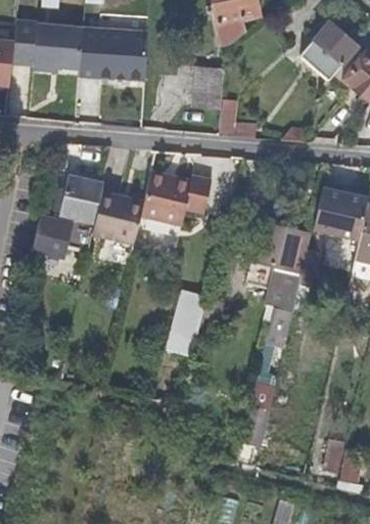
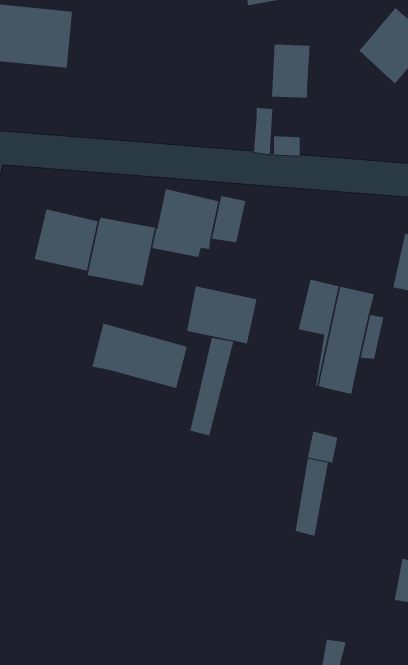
building: [82,28,149,77] -> none
building: [193,67,223,107] -> [271,44,310,98]
building: [34,217,74,260] -> none
building: none -> [187,286,257,344]
building: none -> [92,323,187,389]

